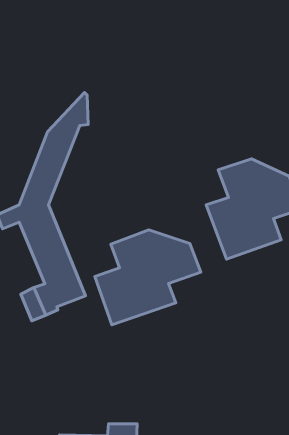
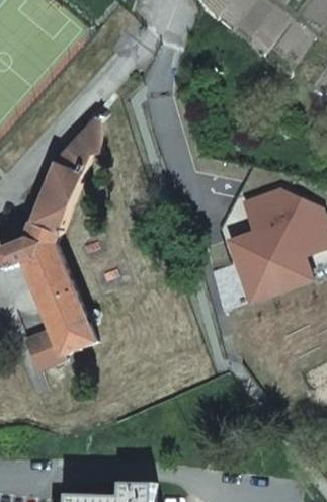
building: [95,230,201,325] -> none

